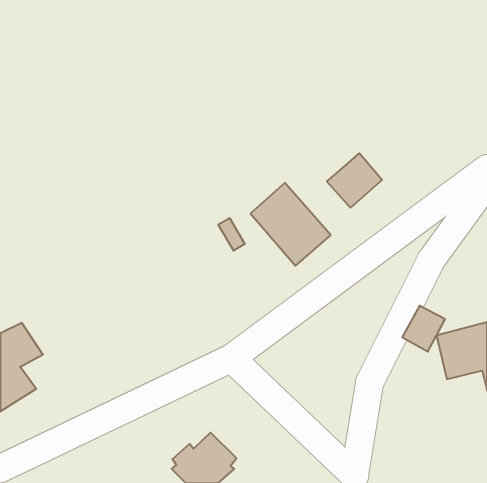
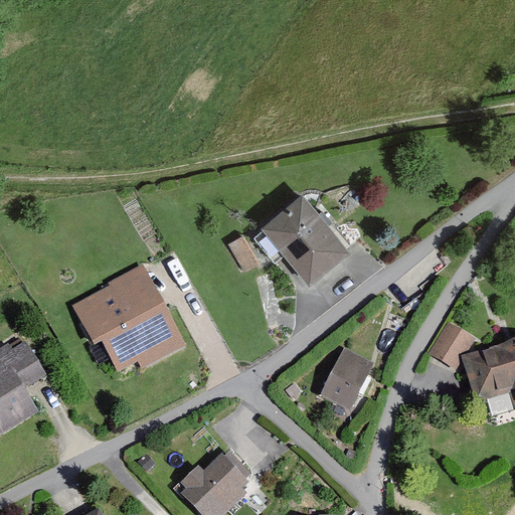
building: [327,153,382,208] -> none
building: none -> [74,268,176,372]
building: none -> [322,352,370,407]

